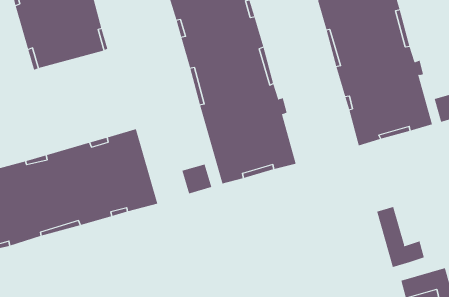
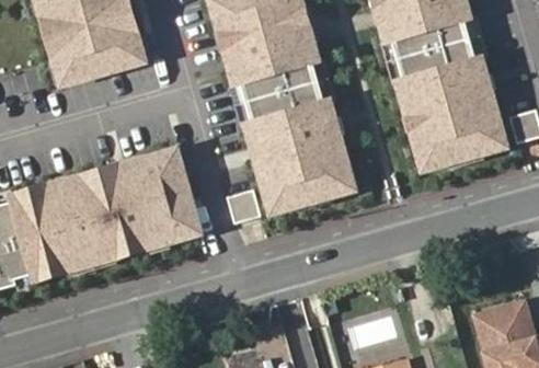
building: [377,206,425,268] -> none

